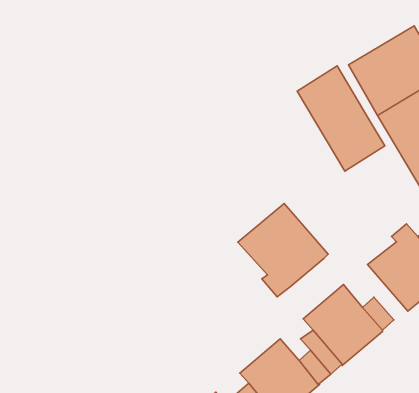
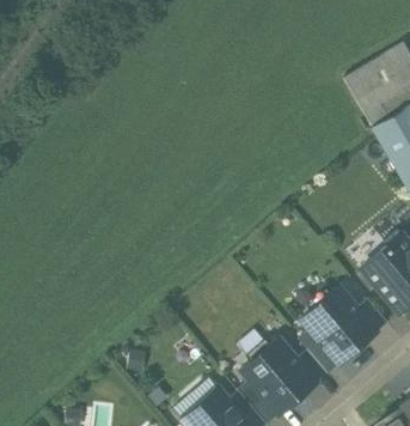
building: [297,66,385,171] -> none
building: [238,204,328,297] -> none

